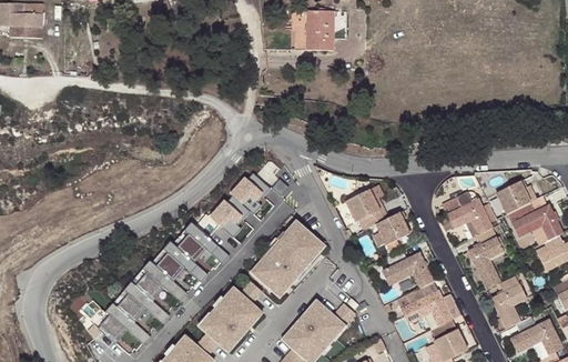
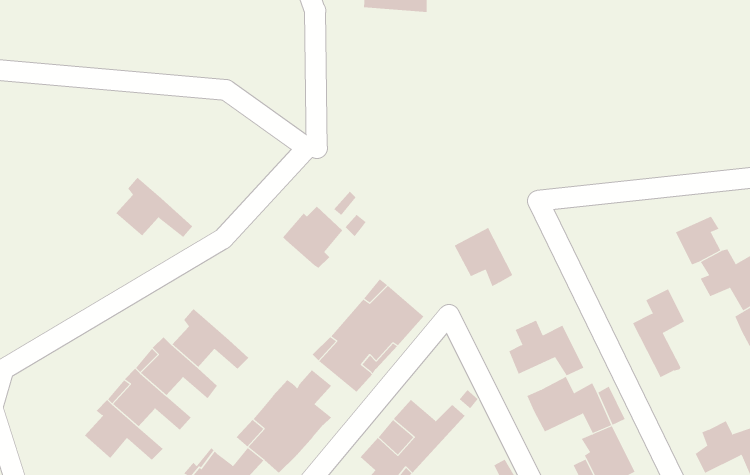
building: [439,193,490,238] -> none
building: [211,195,252,238] -> none
building: [375,211,410,249] -> none
building: [178,222,230,263] -> [116,177,193,238]
building: [489,273,526,329] -> none

